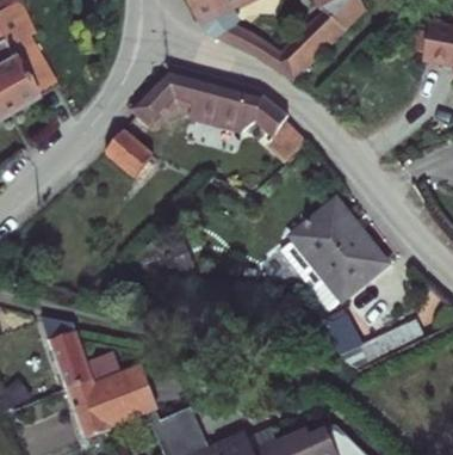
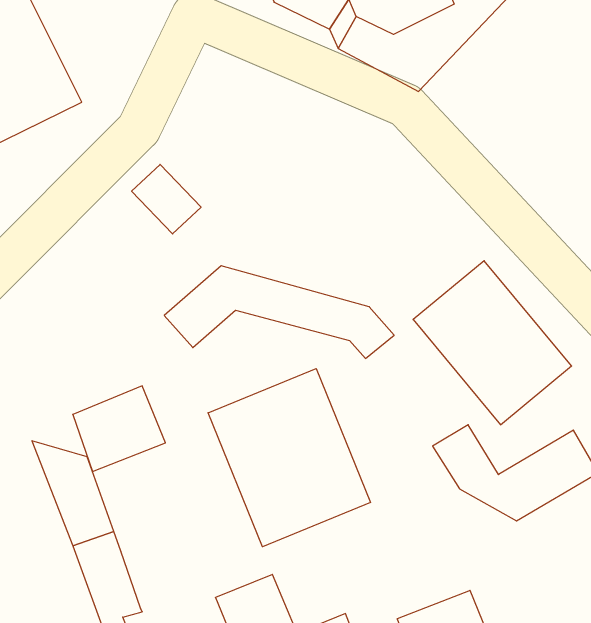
building: [129,75,283,137] -> [164,266,394,358]
building: none -> [208,369,371,547]
building: [92,370,154,428] -> [73,386,165,471]

